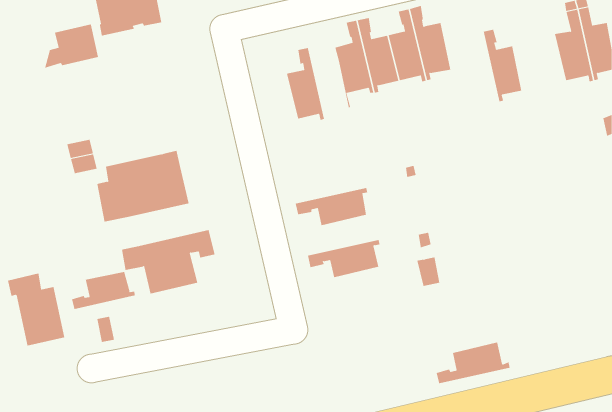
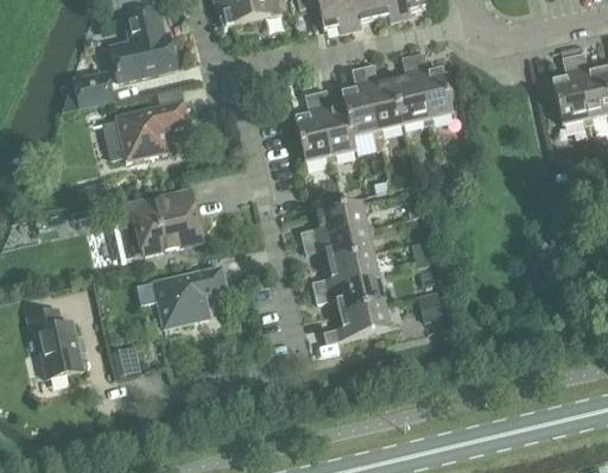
building: [483,29,522,102] -> none
building: none -> [316,88,354,159]
building: none -> [103,99,189,159]
building: none -> [300,201,372,240]
building: none -> [312,251,384,290]
building: [72,271,135,310] -> none
building: [436,342,510,384] -> [324,301,395,341]

